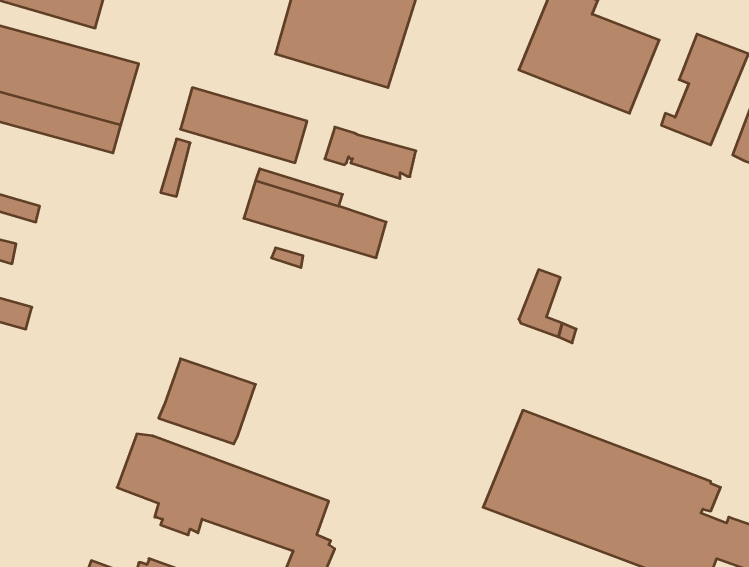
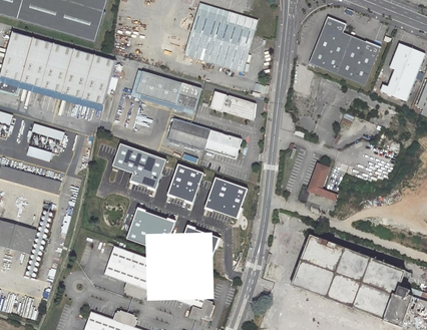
building: none -> [112,143,166,190]
building: none -> [167,164,203,204]
building: none -> [205,178,248,218]
building: none -> [175,227,218,267]

